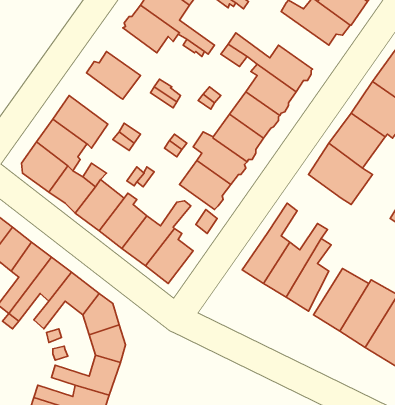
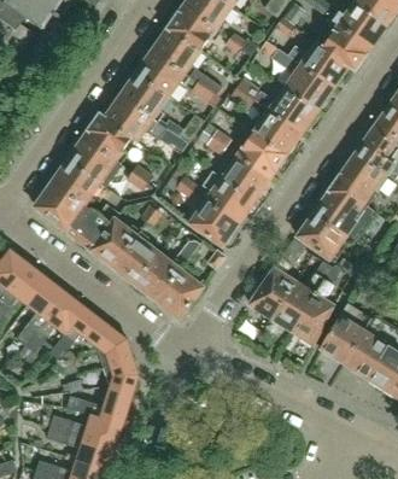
building: none -> [280,56,333,111]
building: none -> [119,71,168,117]
building: none -> [83,113,133,164]
building: none -> [295,212,345,259]

